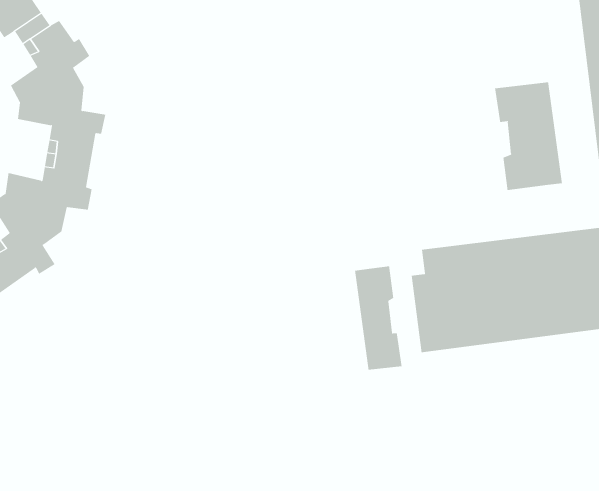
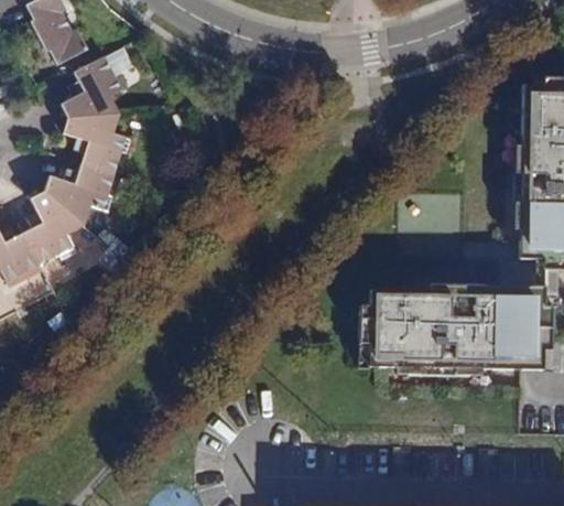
building: [494,82,562,191] -> none
building: [355,266,402,370] -> none

